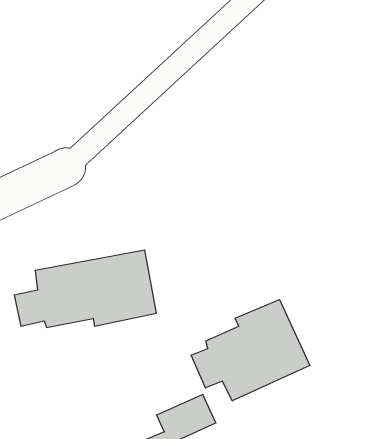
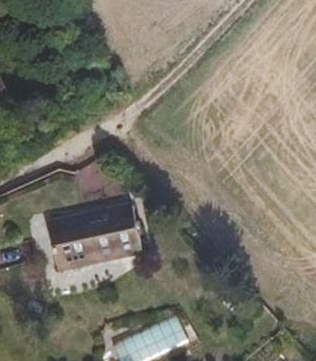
building: [191,300,310,401] -> none

